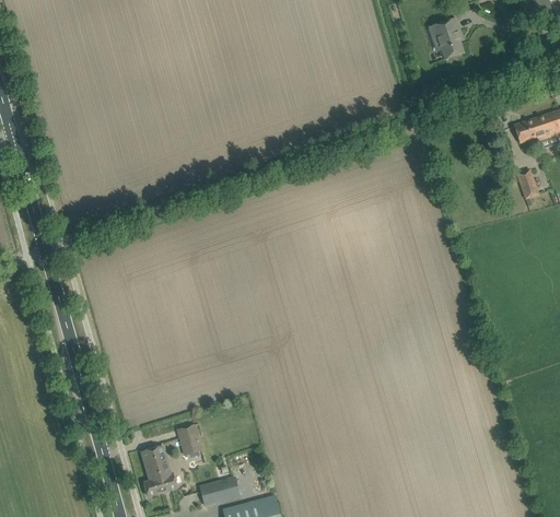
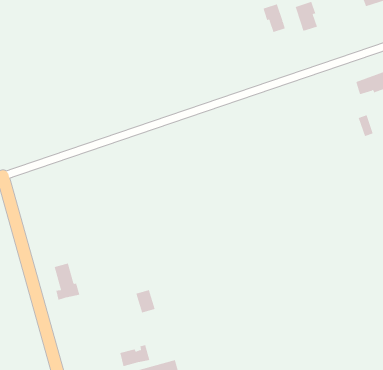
building: none -> [263,3,286,33]
building: [177,423,203,455] -> [136,289,155,313]
building: [142,445,177,495] -> [54,263,80,300]

